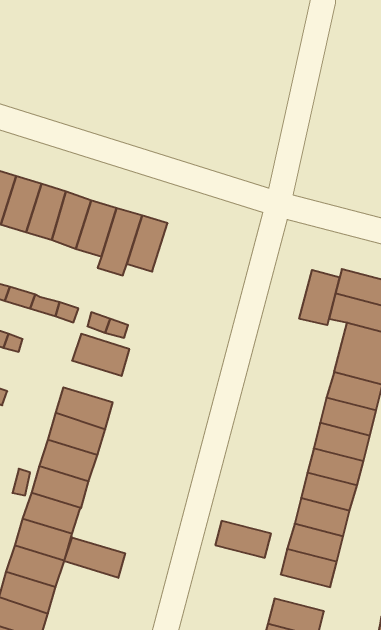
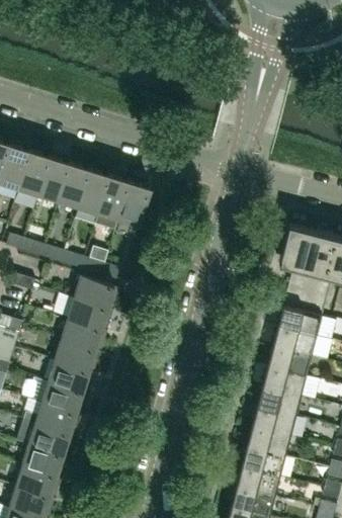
building: [299,270,339,325] -> none
building: none -> [67,297,113,331]
building: [215,521,271,558] -> [235,467,279,497]
building: [64,537,125,578] -> none

